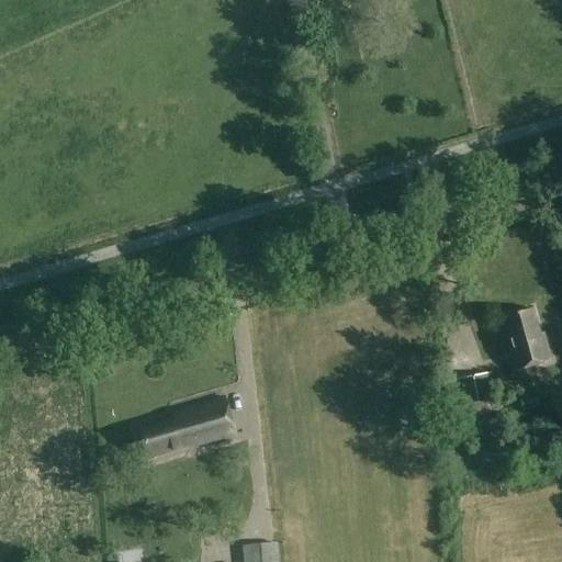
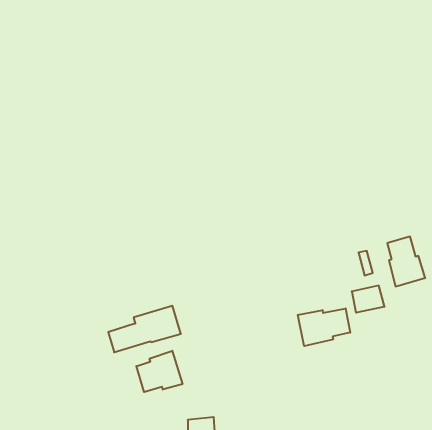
building: none -> [298,308,350,346]
building: none -> [136,351,182,392]

